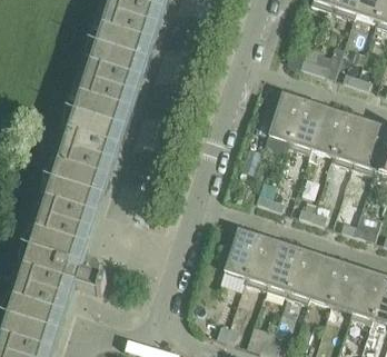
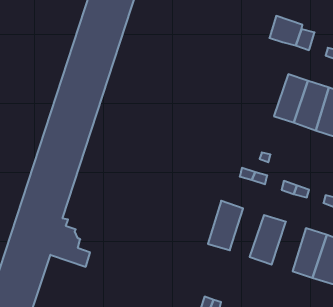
building: [268,91,305,141] -> none
building: [246,235,280,284] -> none
building: [288,248,322,298] -> none

